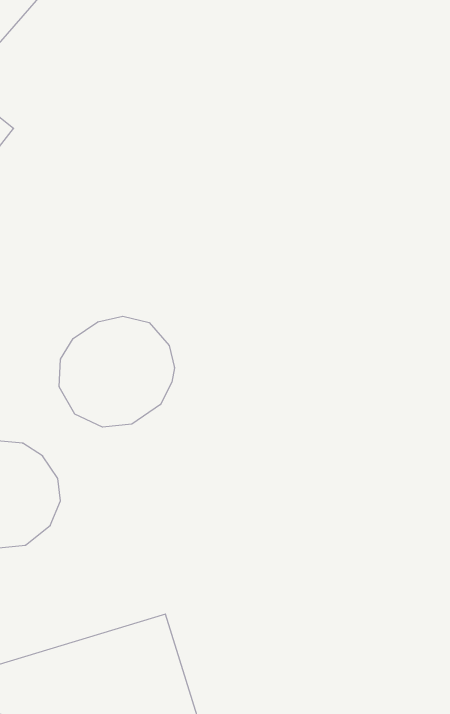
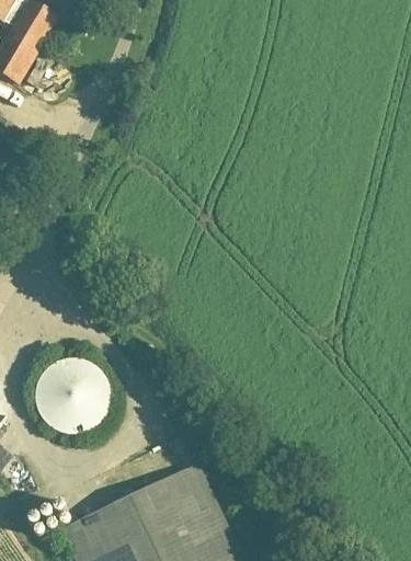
building: [59,316,174,427] -> none

